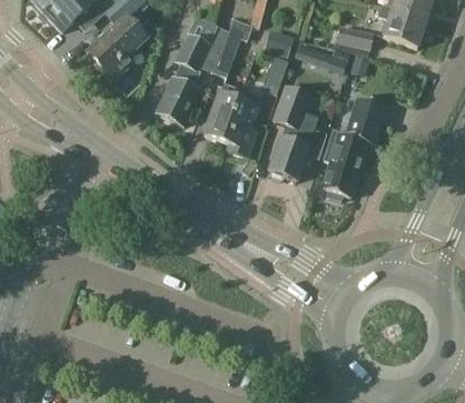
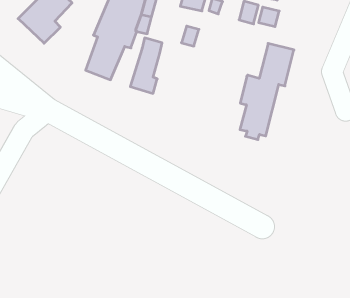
building: [268,84,318,181] -> none
building: [227,99,256,155] -> none

